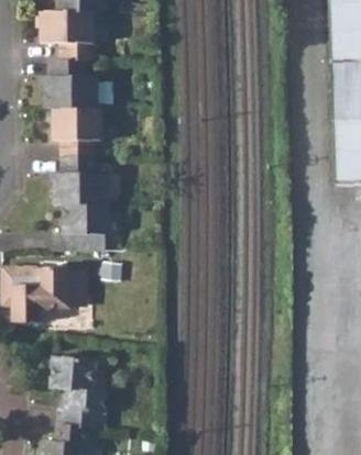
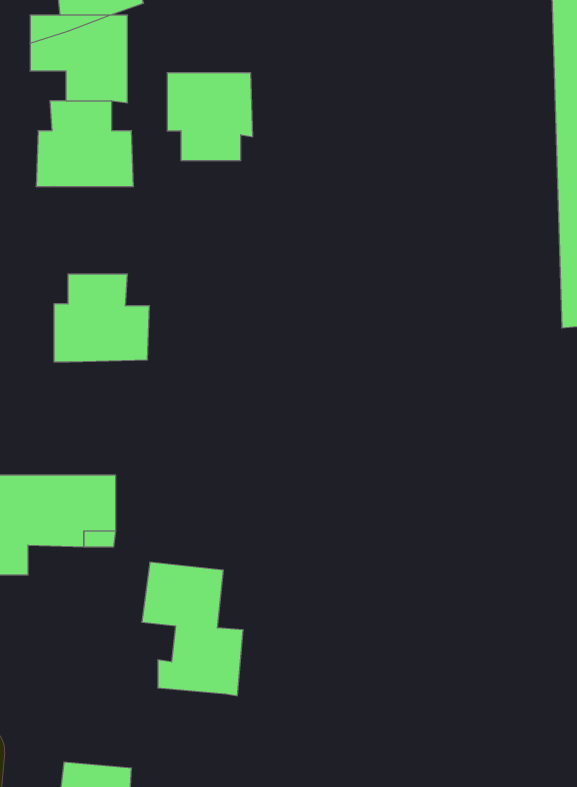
building: [54,106,101,154] -> [167,73,253,161]
building: [53,201,109,249] -> none
building: [51,354,107,428] -> [142,562,243,696]

